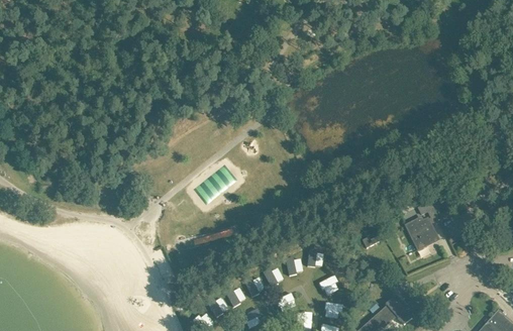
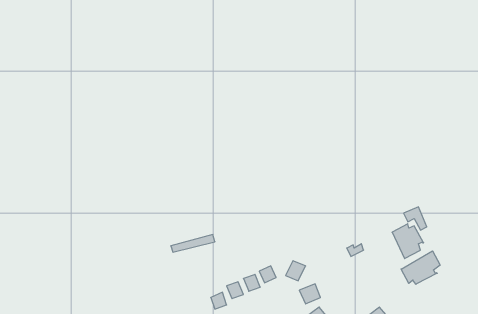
building: none -> [401,251,440,284]

